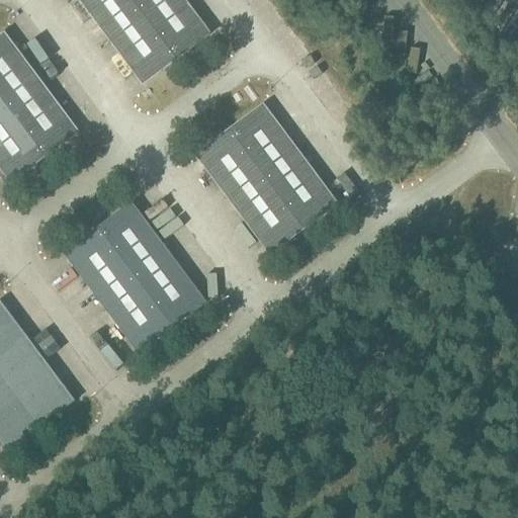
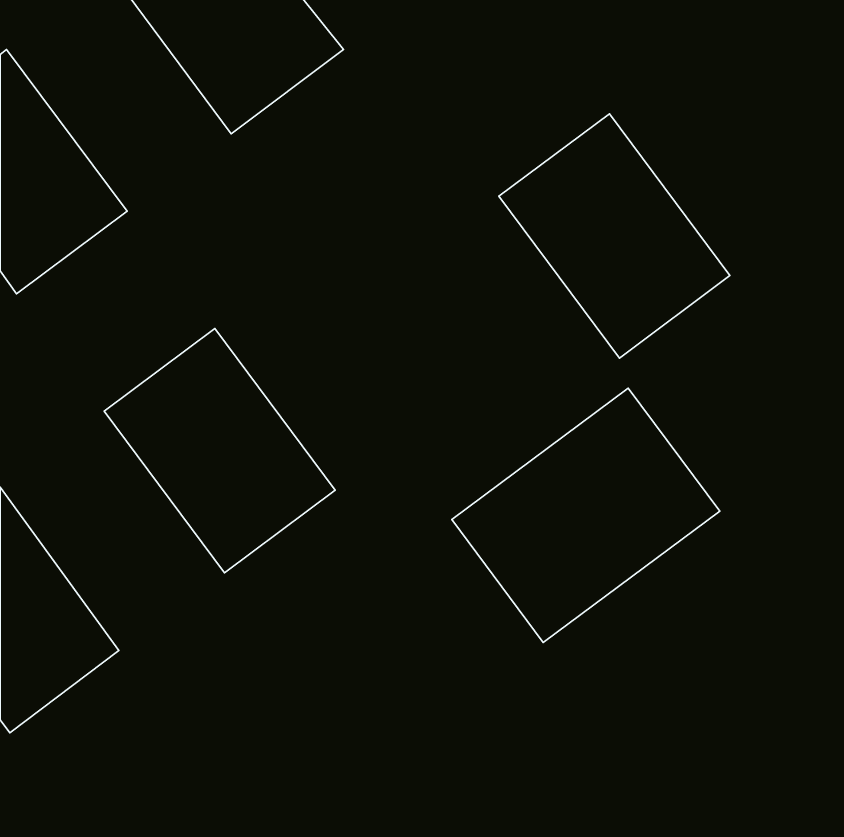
building: [195,102,337,252] -> [499,114,730,358]
building: none -> [452,388,720,643]

